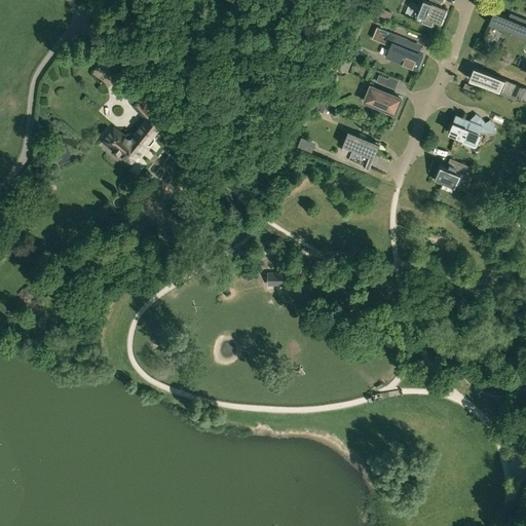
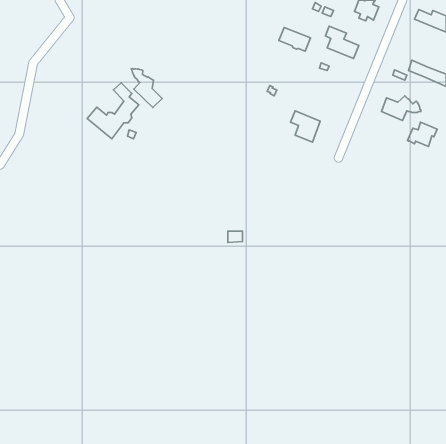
building: none -> [131,69,162,107]
building: [364,87,401,115] -> [279,27,310,51]
building: [434,159,468,188] -> [408,122,437,146]

